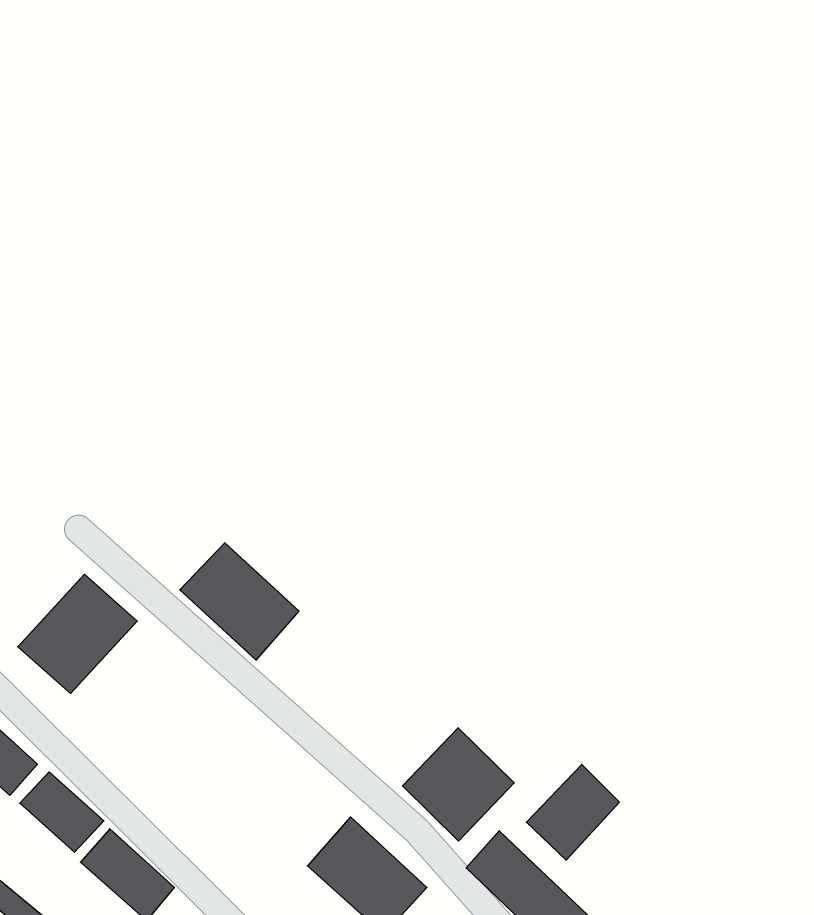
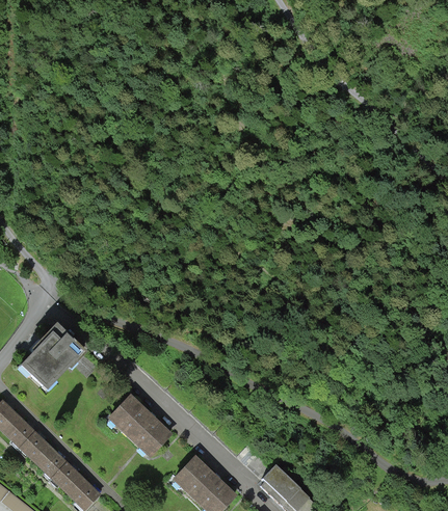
building: [180,543,299,660] -> [109,395,173,457]
building: [402,728,514,841] -> none
building: [526,764,619,860] -> none

